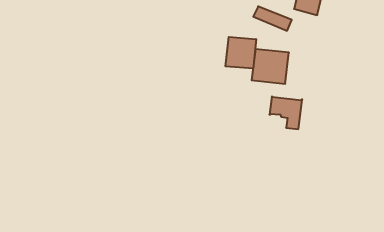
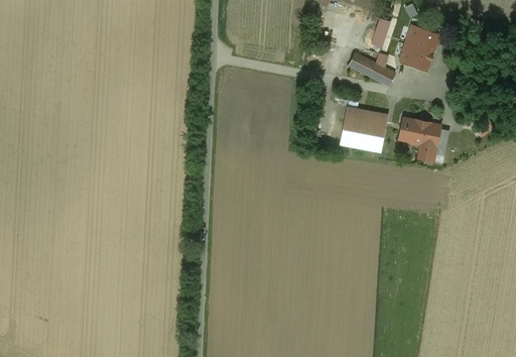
building: [226,37,256,68] -> none
building: [269,96,302,129] -> [399,117,441,160]

